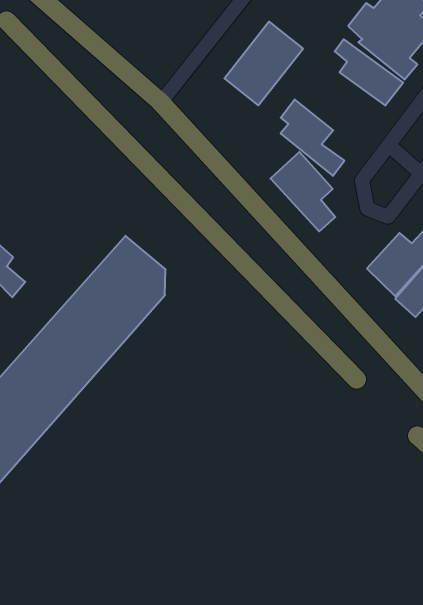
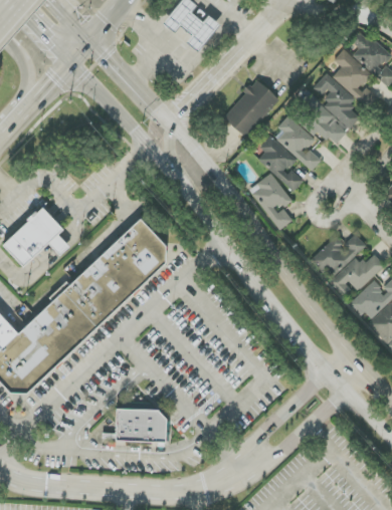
building: none -> [274,113,318,168]
building: none -> [118,407,169,441]

